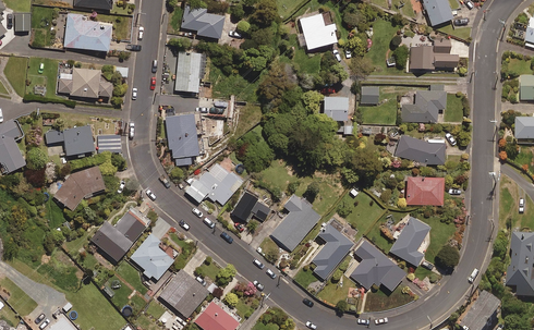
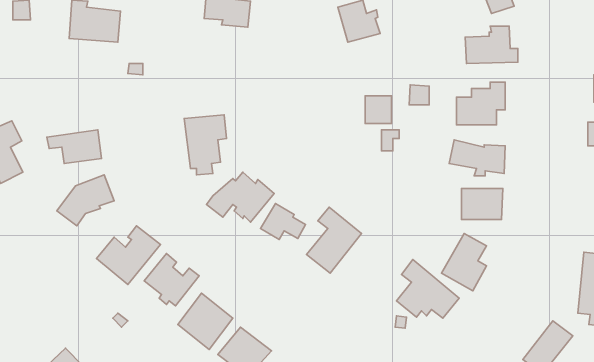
building: [175,51,204,91] -> none
building: [58,68,110,97] -> none
building: [311,218,352,280] -> none

